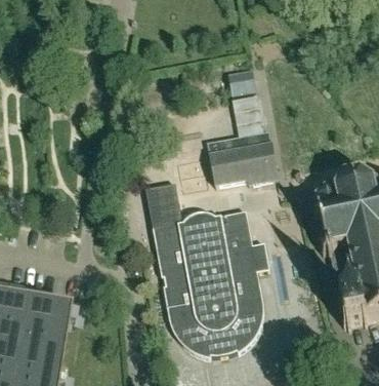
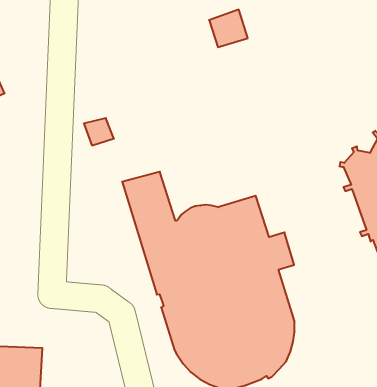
building: [209,91,279,183] -> none

